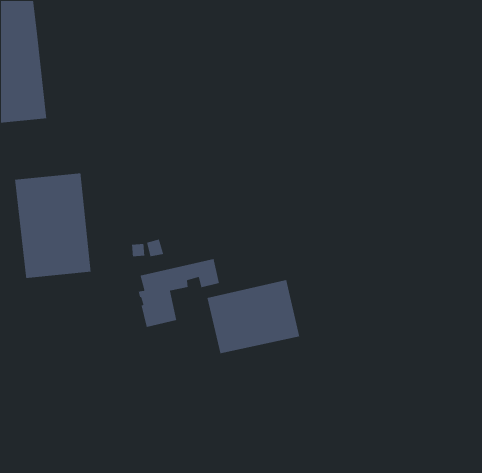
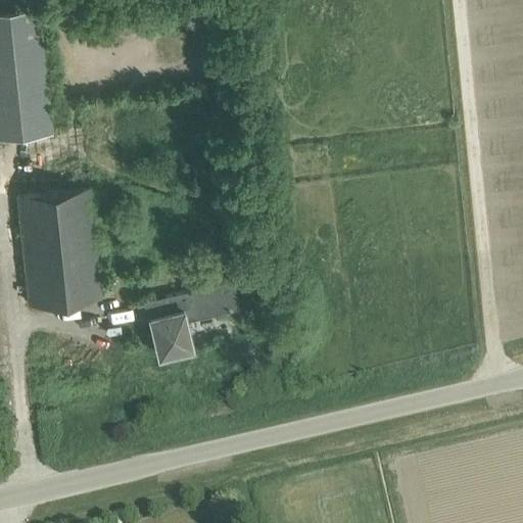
building: [207,279,300,354] -> none

